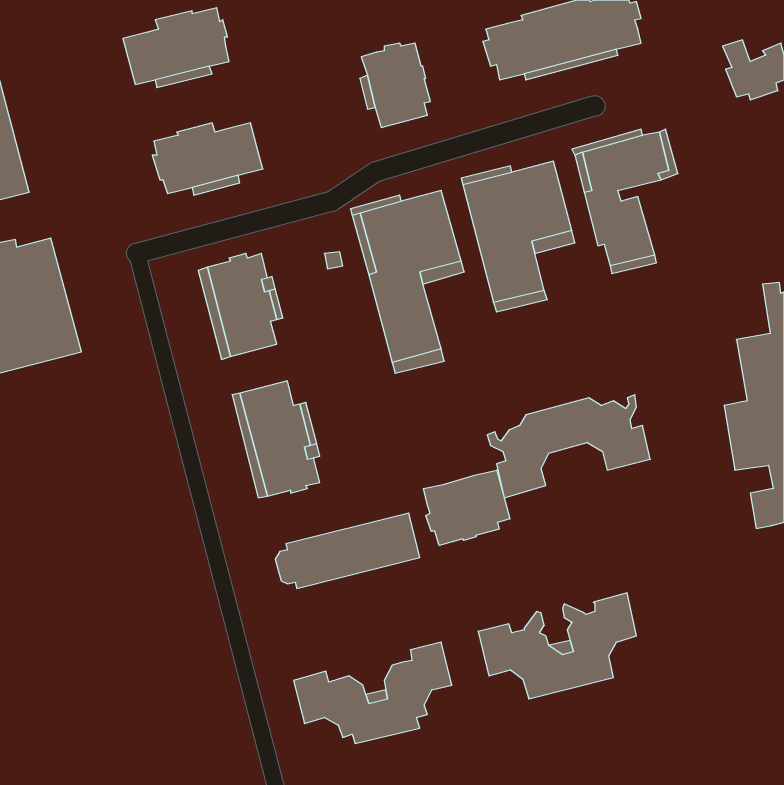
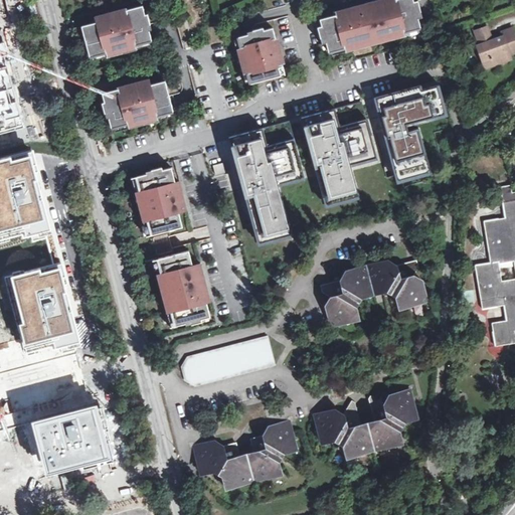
building: none -> [12,268,79,356]
building: [423,470,510,545] -> none
building: none -> [32,407,109,479]

